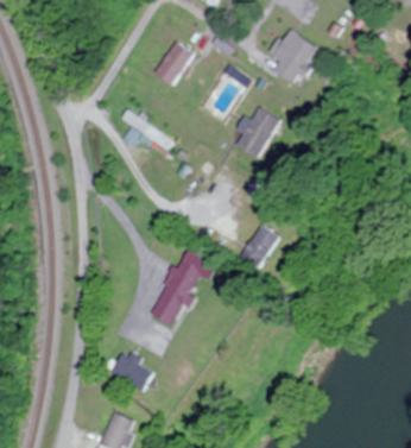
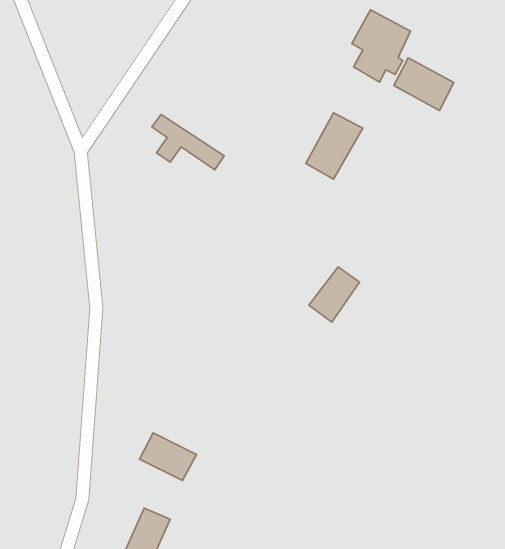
building: [153,42,192,86] -> none
building: none -> [394,58,454,110]
building: [153,250,217,322] -> none

